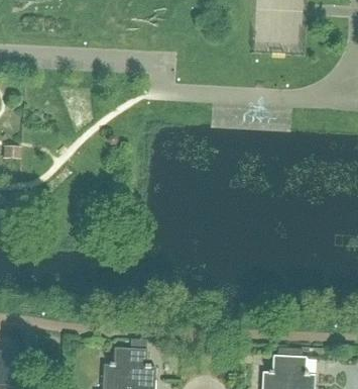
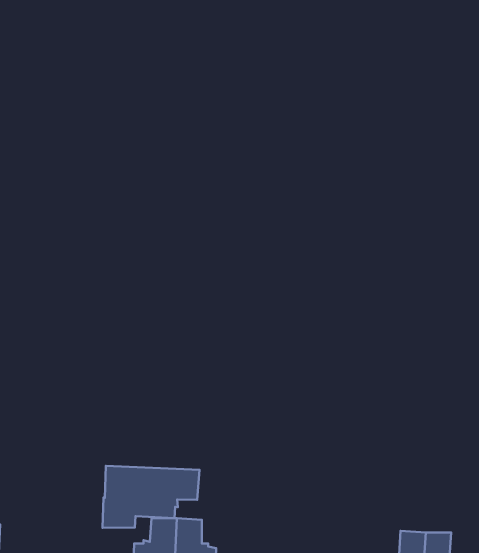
building: none -> [103,466,200,528]

